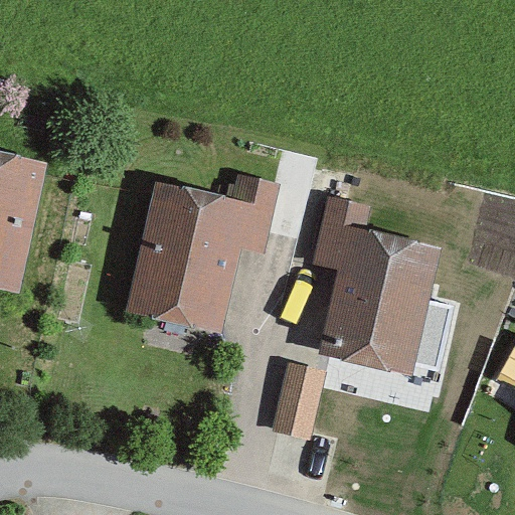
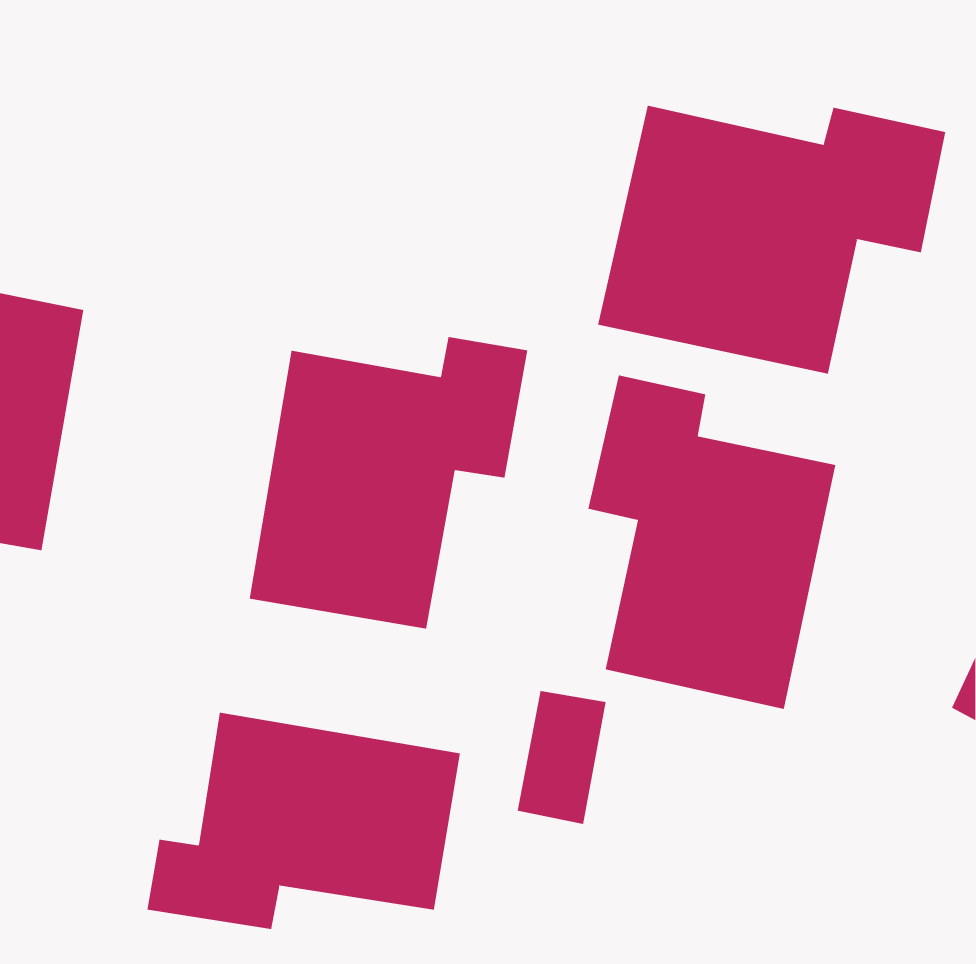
building: none -> [597,105,946,374]
building: none -> [147,712,460,930]

